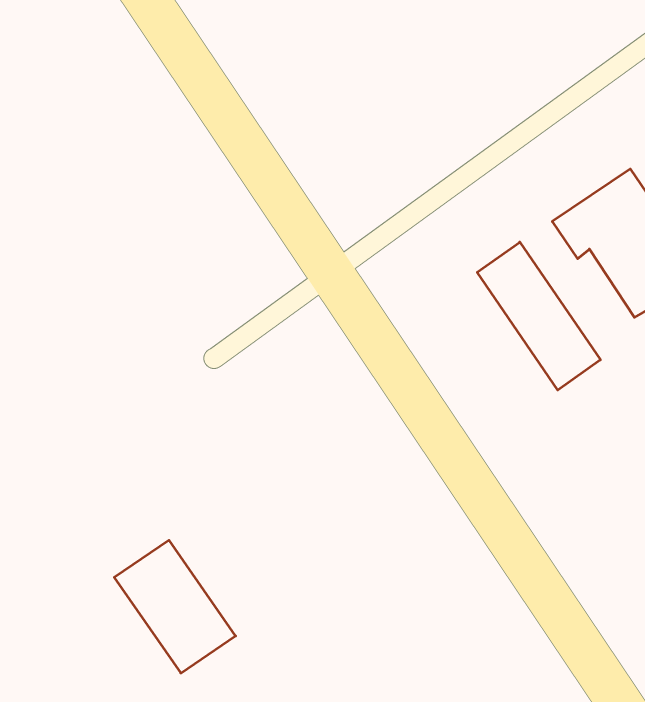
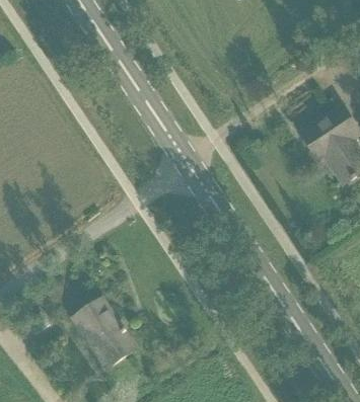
building: [477,242,600,390] -> none

